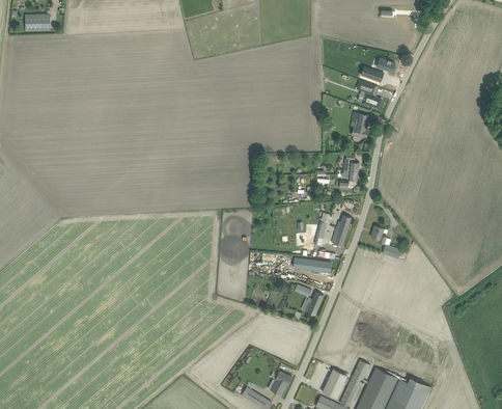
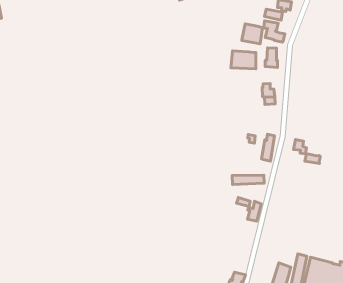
building: none -> [242,24,263,44]
building: none -> [231,51,256,69]

